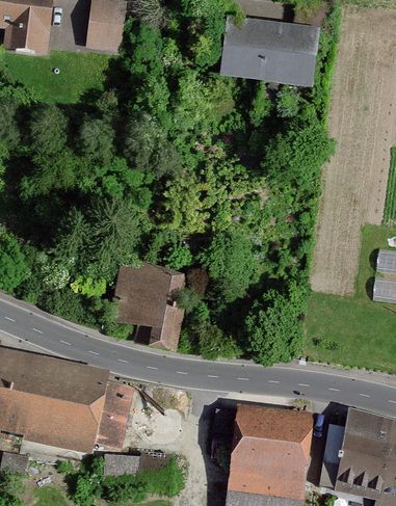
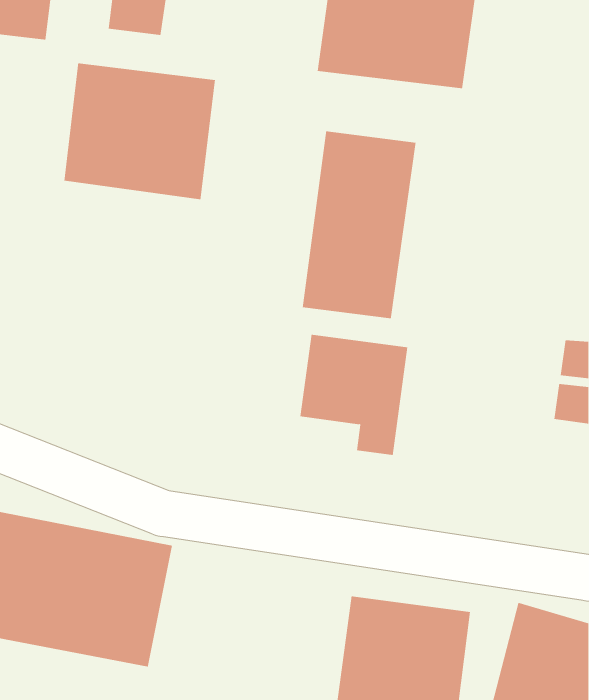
building: none -> [64,63,215,200]
building: none -> [302,131,416,319]
building: [114,270,184,348] -> [300,334,408,456]

